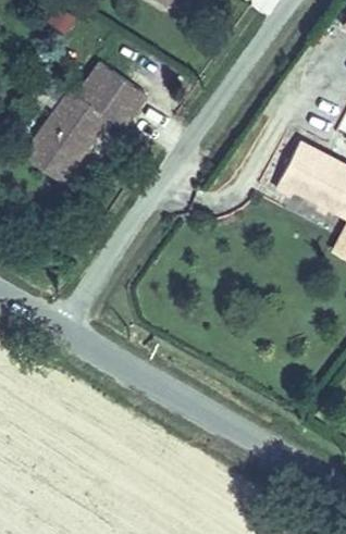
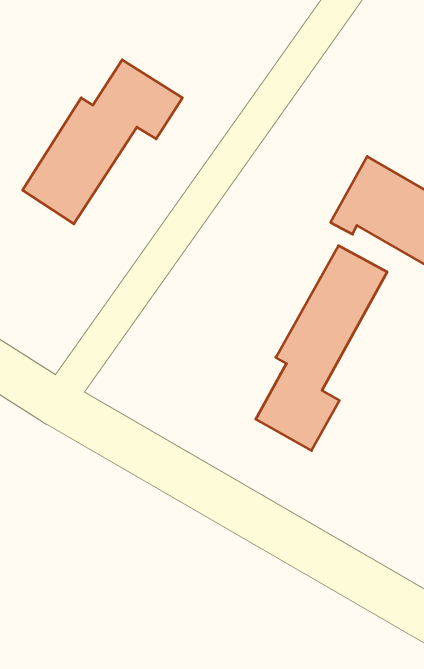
building: none -> [256,246,387,451]

